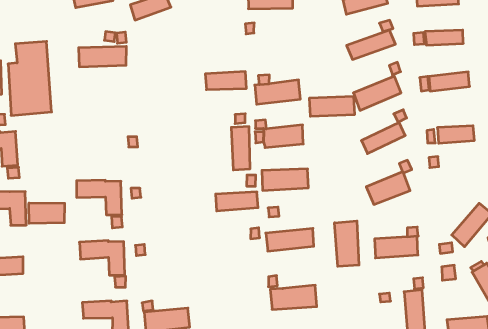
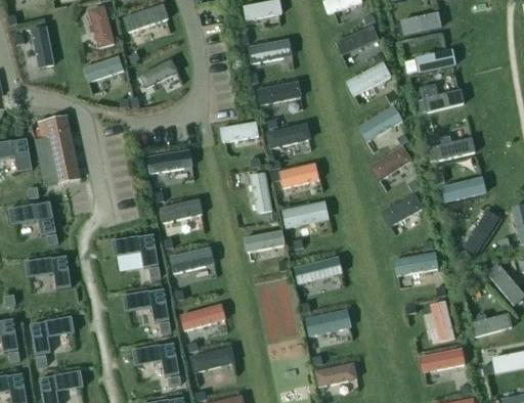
building: [79,46,126,67] -> [147,148,193,173]
building: [309,97,355,116] -> [256,80,300,103]
building: none -> [160,196,204,221]
building: none -> [442,179,487,206]
building: none -> [171,245,216,273]
building: [29,203,65,223] -> none
building: [335,221,359,266] -> none
building: none -> [181,303,226,329]

